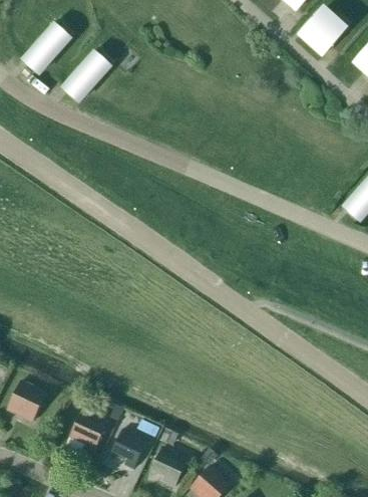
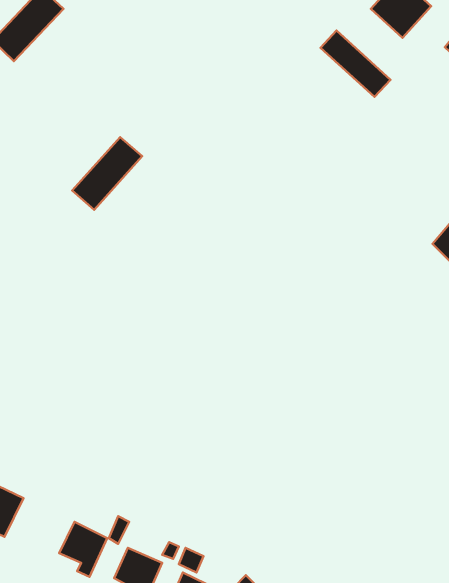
building: [61,49,112,102] -> [72,137,142,210]
building: none -> [321,30,390,97]

